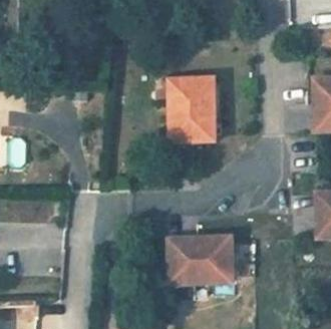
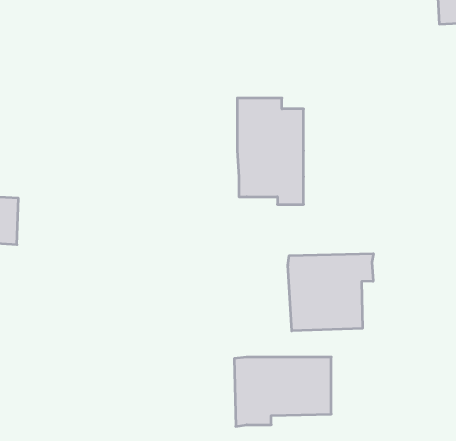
building: none -> [288,254,373,331]

